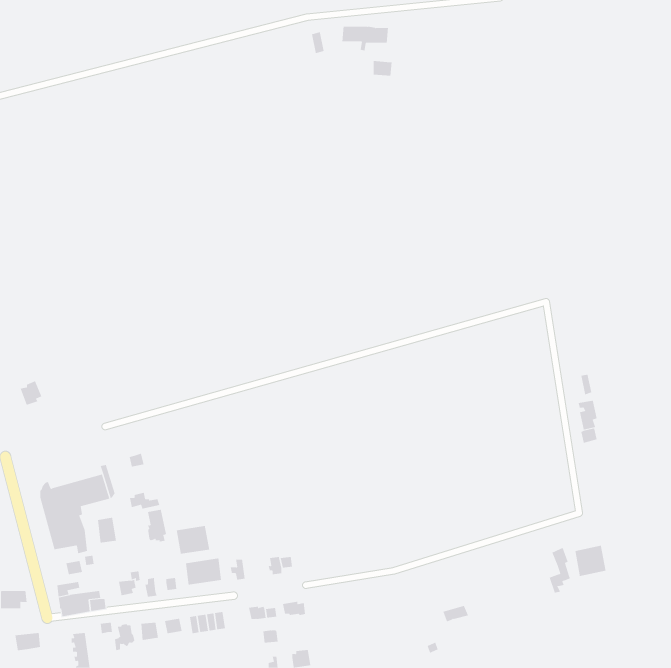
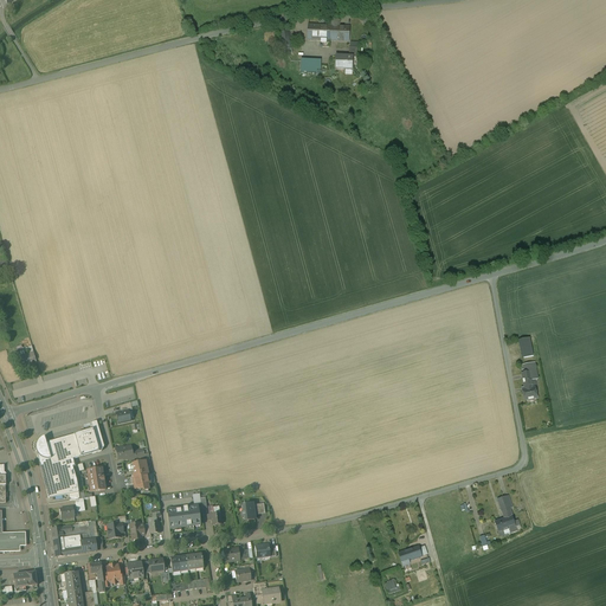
building: [176,525,210,555] -> none
building: [575,545,606,577] -> none

